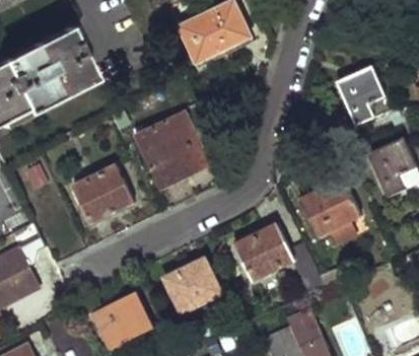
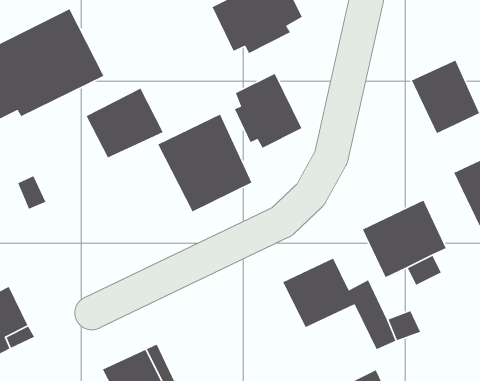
building: none -> [234,73,303,149]
building: [73,166,135,222] -> [85,88,164,158]
building: [165,258,221,312] -> none

